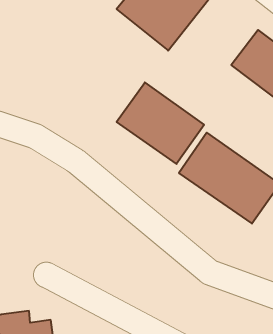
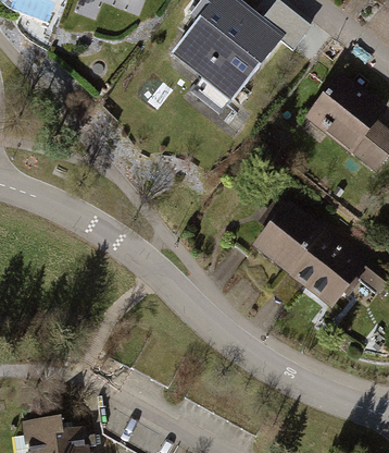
building: [117,82,204,164] -> none

